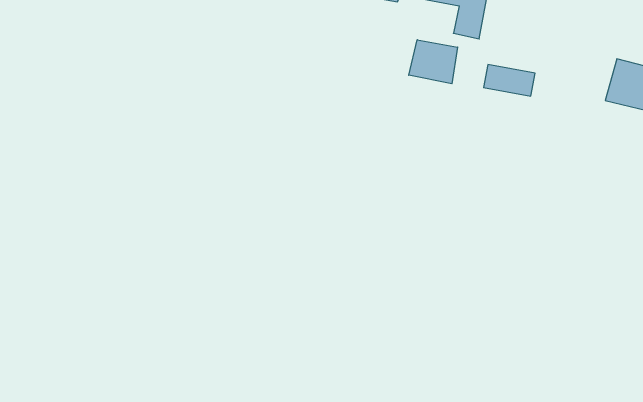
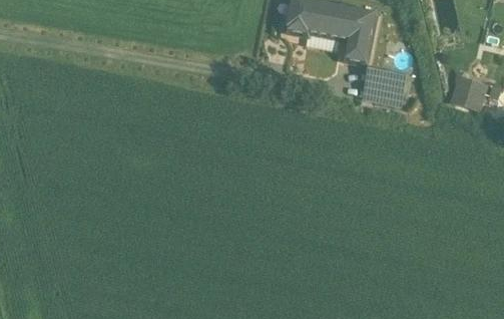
building: [409,40,458,84] -> none

